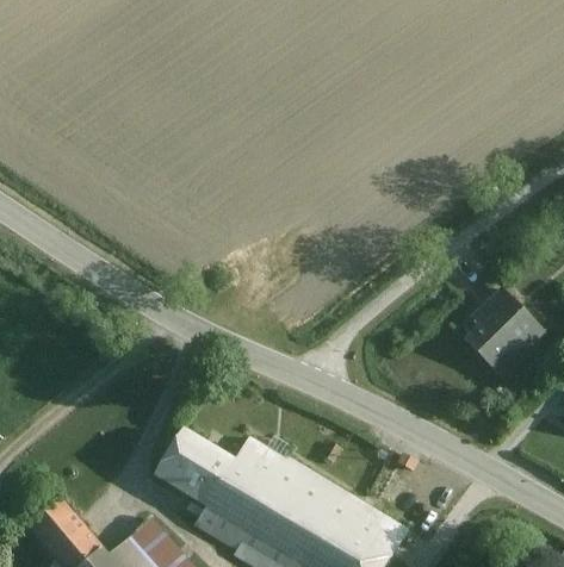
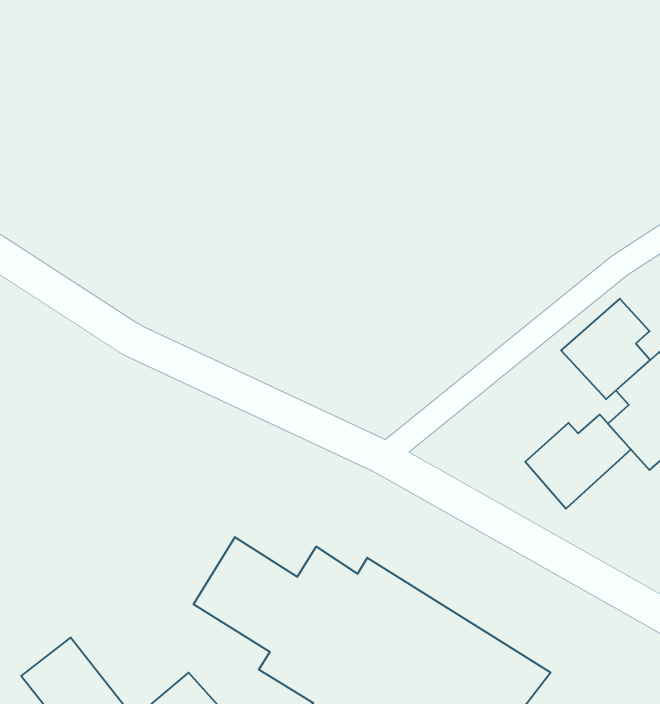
building: none -> [561,299,650,399]
building: none -> [525,415,631,509]

